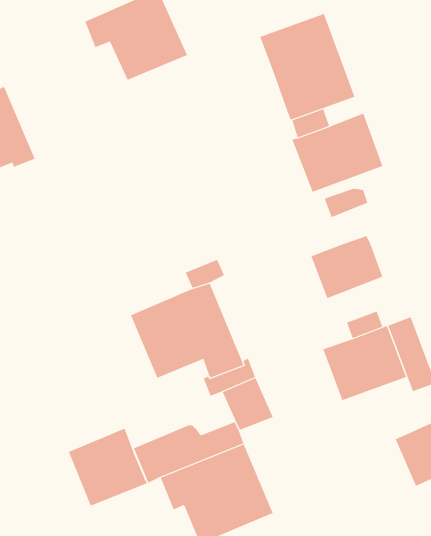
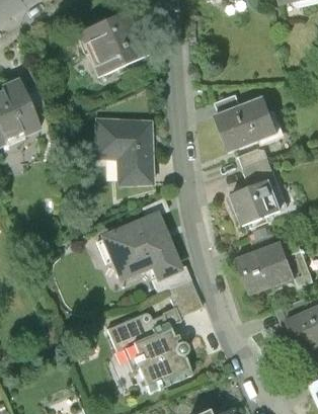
building: [259,13,355,121] -> none
building: none -> [88,118,153,185]
building: none -> [242,159,277,187]
building: [68,428,148,506] -> none

